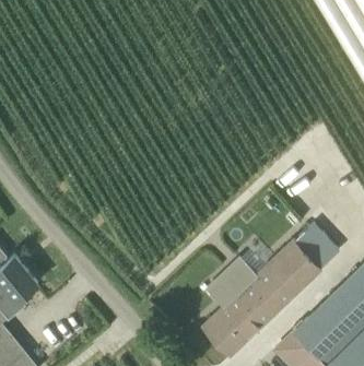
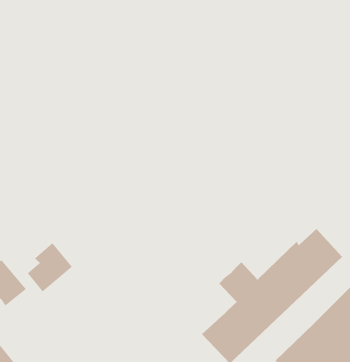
building: none -> [27,242,73,292]

